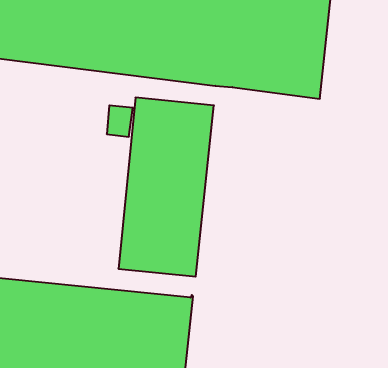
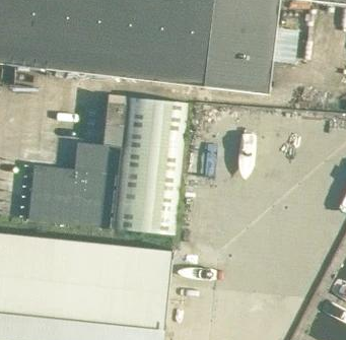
building: none -> [27,141,117,227]

